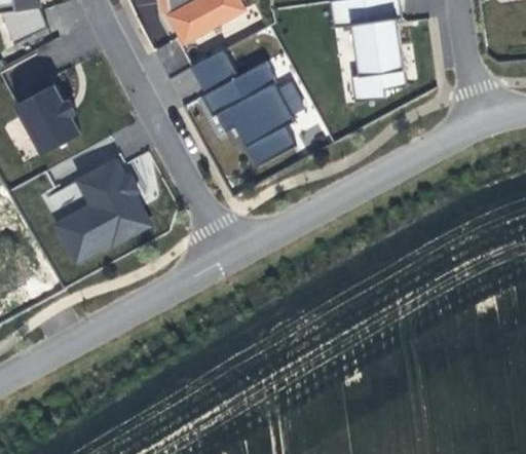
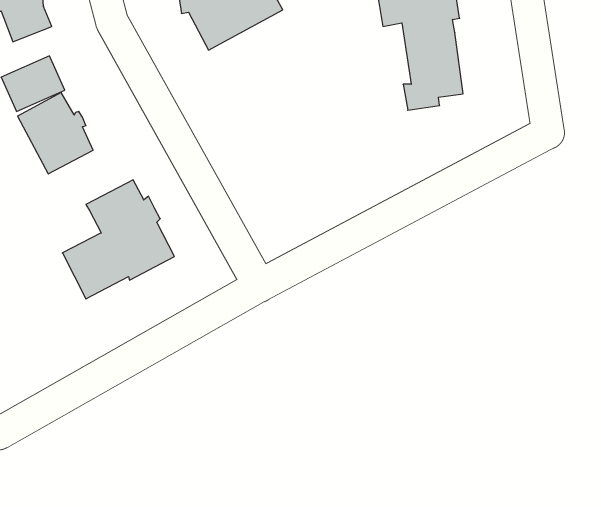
building: [192,49,305,166] -> none

